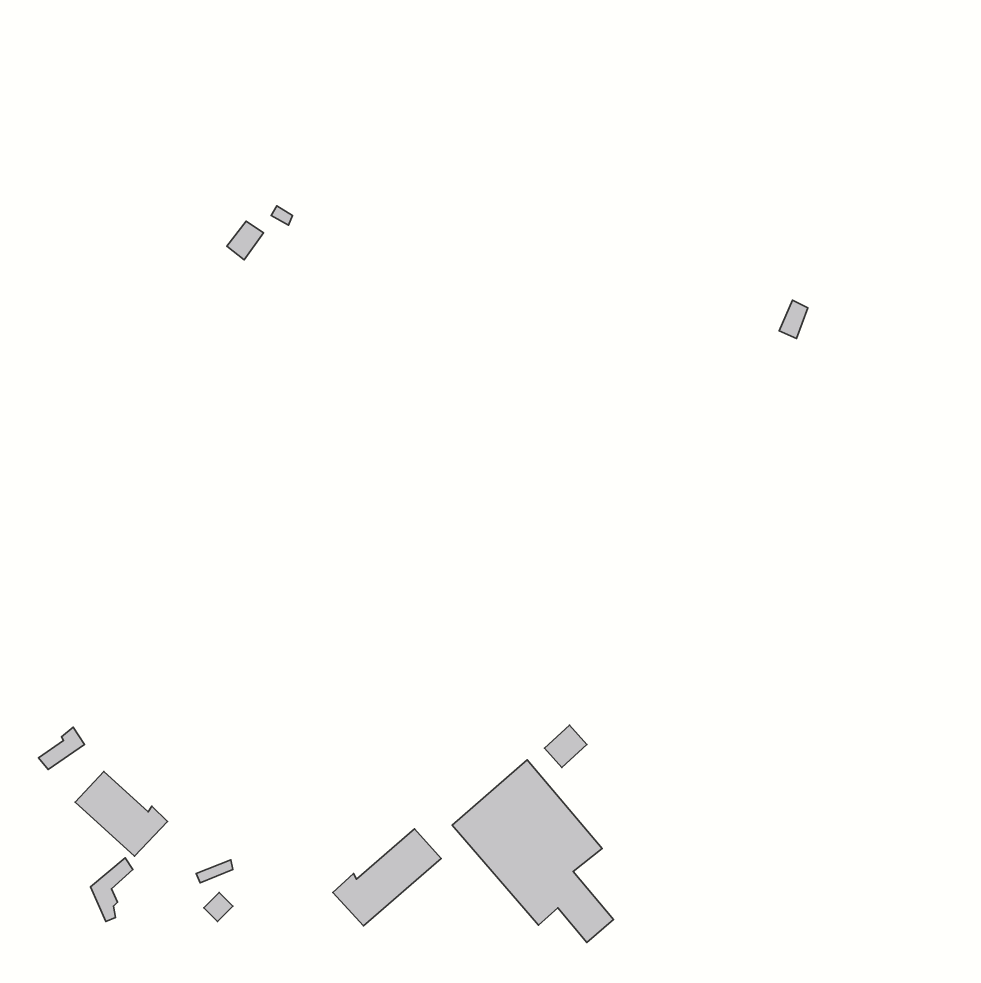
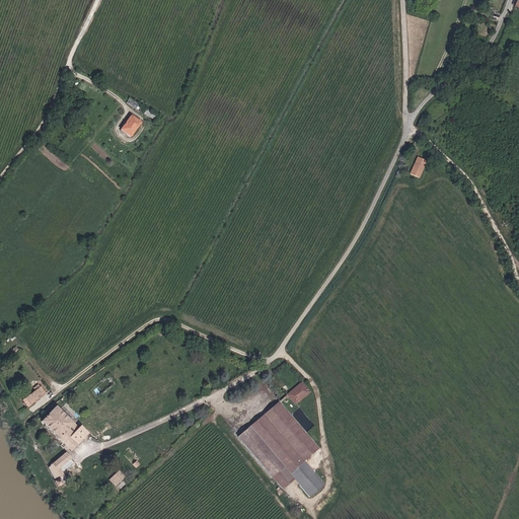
building: [333,829,441,926] -> none

